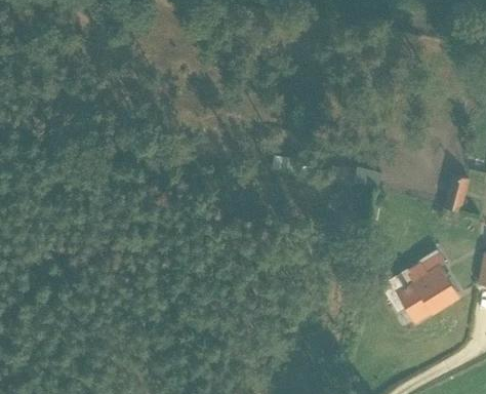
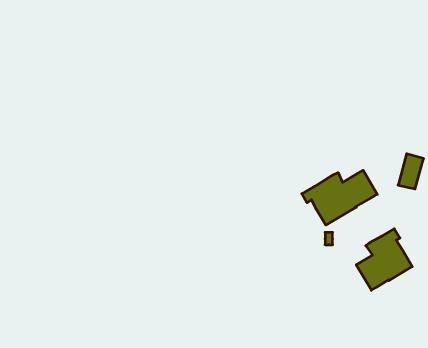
building: none -> [302,170,377,225]

